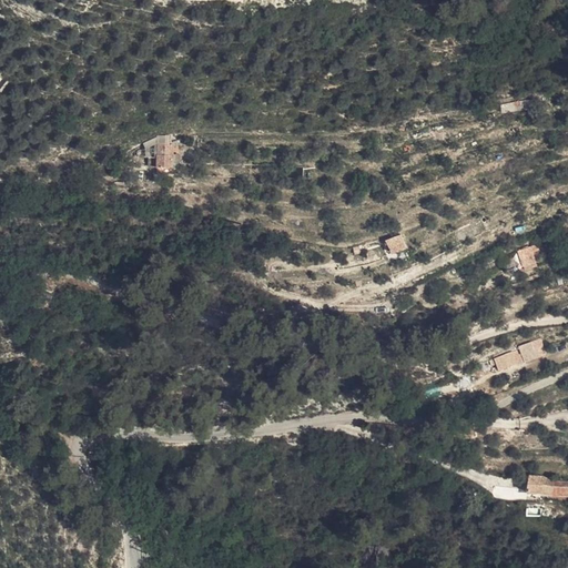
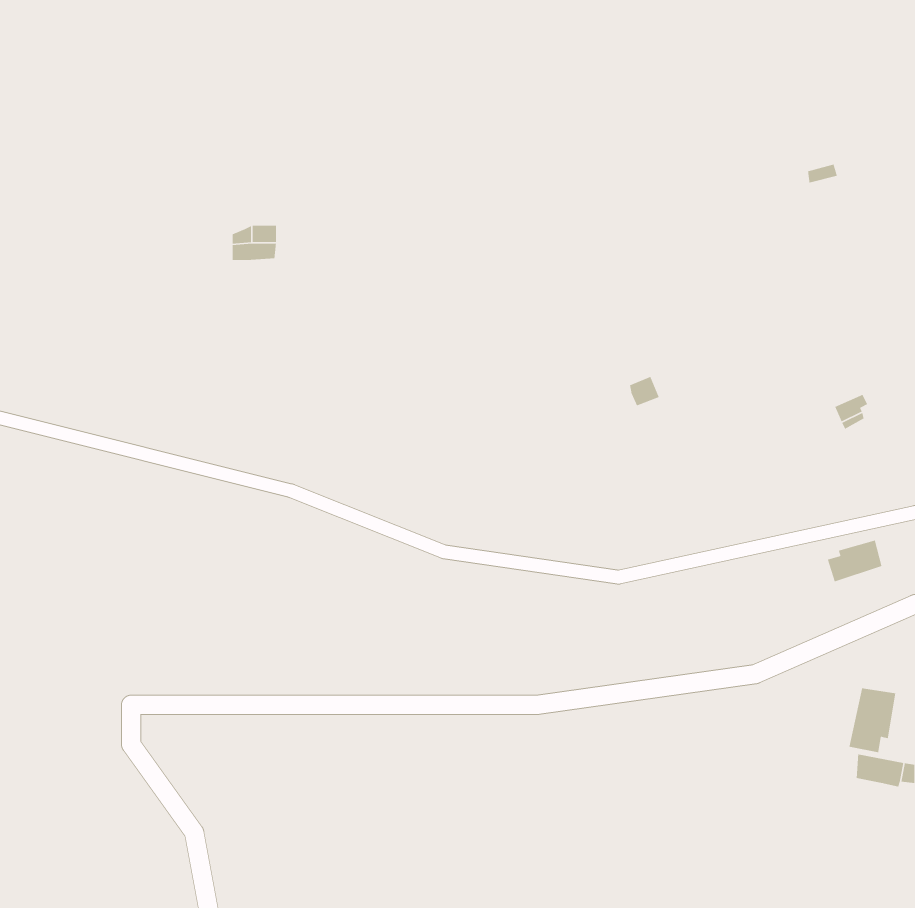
building: none -> [849,688,896,753]

